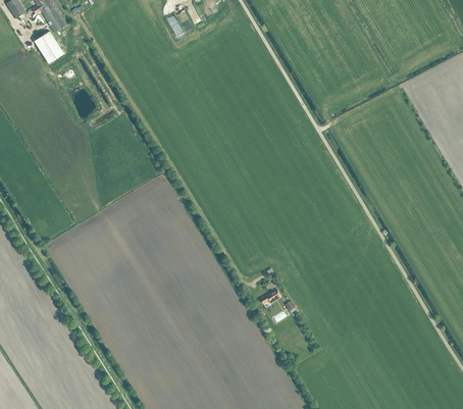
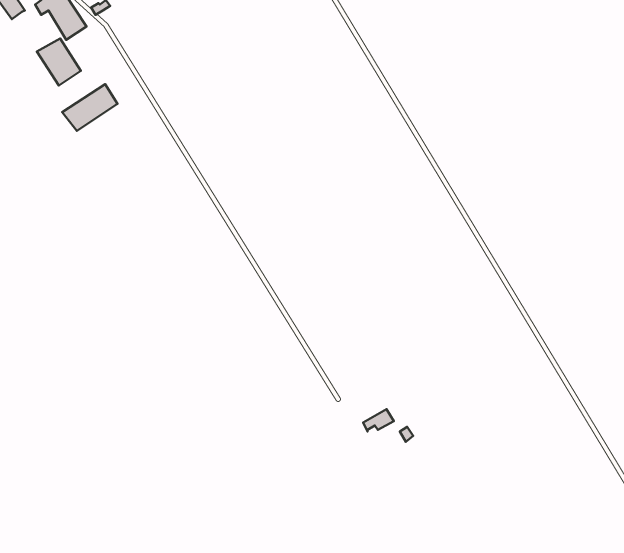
building: none -> [62,84,118,131]

